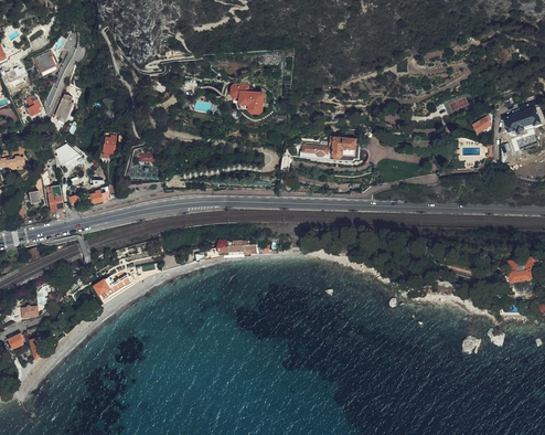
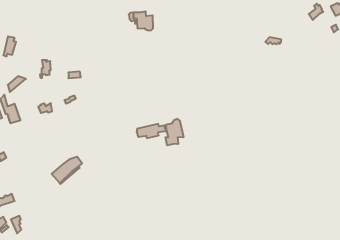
building: [298,132,359,160] -> none
building: none -> [165,119,183,145]

